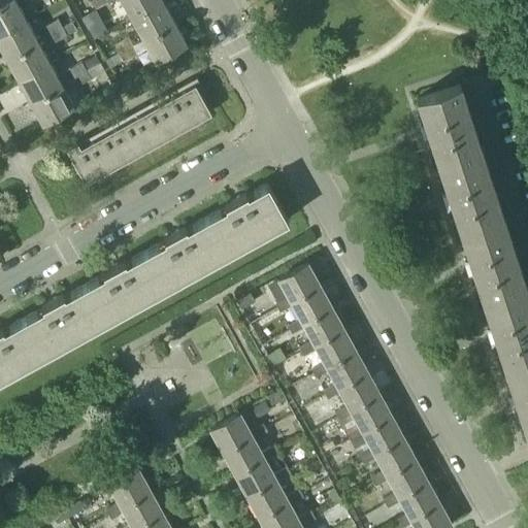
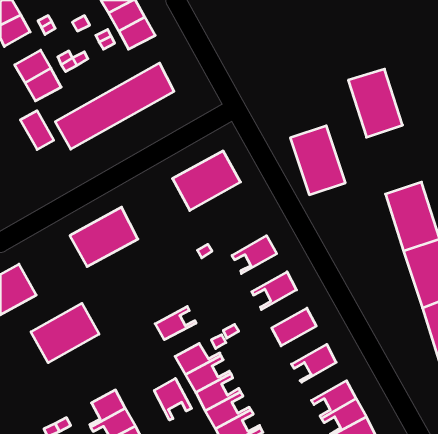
building: [8,46,52,86] -> none
building: none -> [20,111,54,150]
building: [441,158,507,240] -> [290,126,345,195]
building: [148,222,230,294] -> none
building: [279,268,322,314] -> none
building: [26,290,107,361] -> [31,303,99,363]
building: [292,311,346,357] -> none
building: [316,355,370,400] -> none
building: none -> [155,306,196,340]
building: [339,398,394,443] -> none
building: [364,441,418,487] -> none
building: none -> [154,378,192,420]

